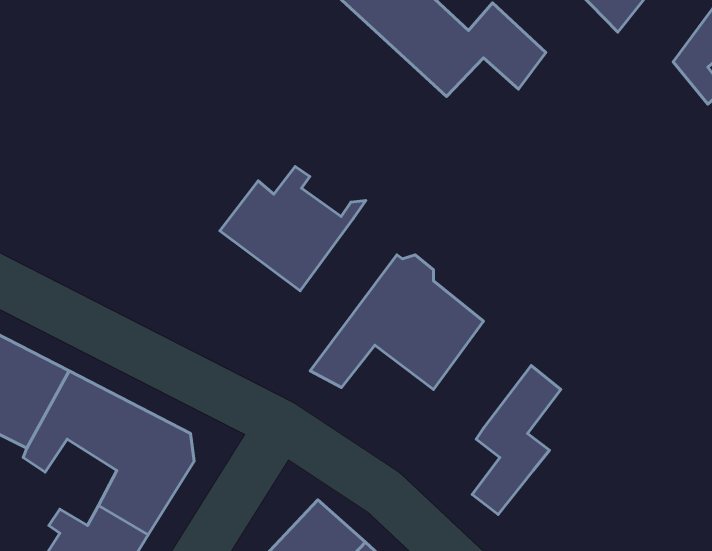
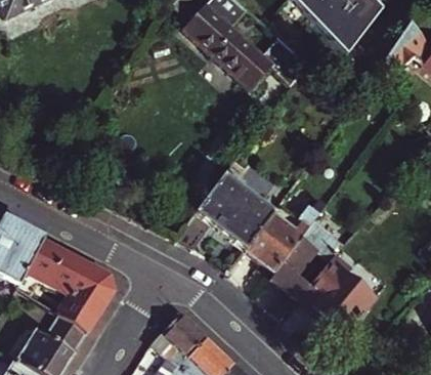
building: [220,166,366,291] -> none
building: none -> [245,200,325,273]
building: none -> [300,253,373,333]

